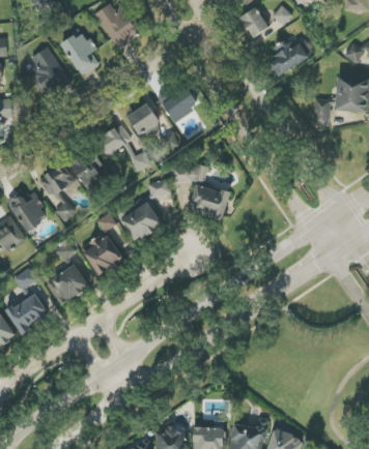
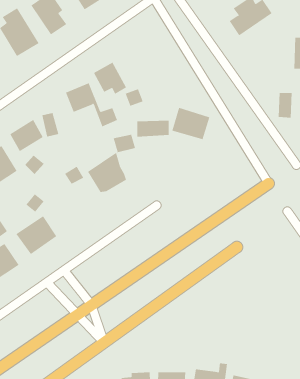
building: [157,86,199,122] -> none
building: [314,99,330,126] -> [278,92,293,118]
building: [190,183,230,217] -> [172,107,210,140]
building: [85,233,122,273] -> none

